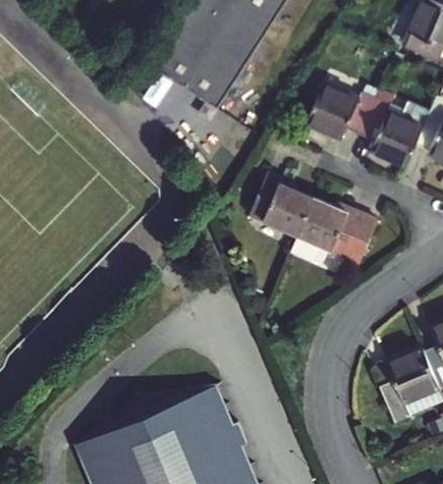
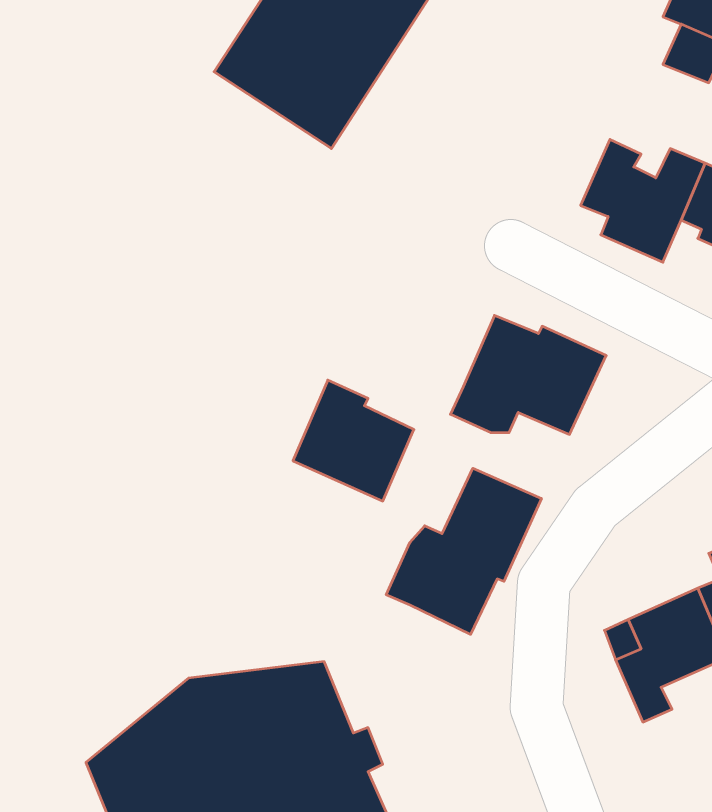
building: [304,85,377,140] -> none
building: [245,170,313,237] -> [293,380,414,501]
building: none -> [386,468,541,634]

